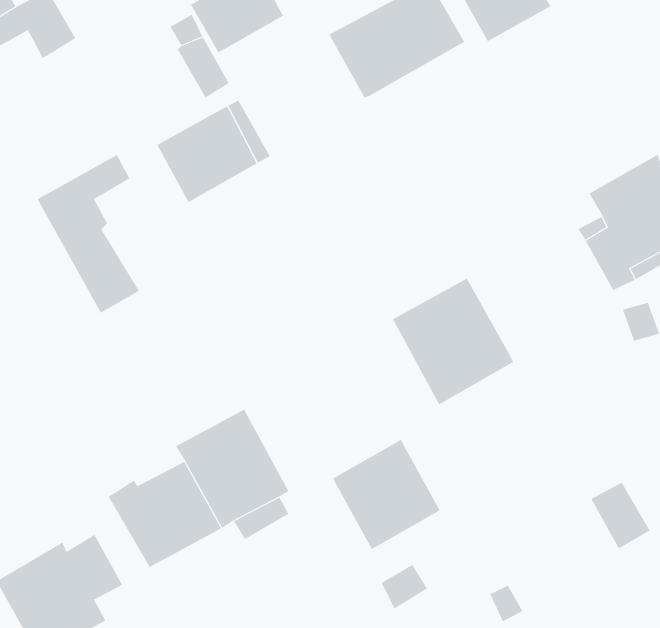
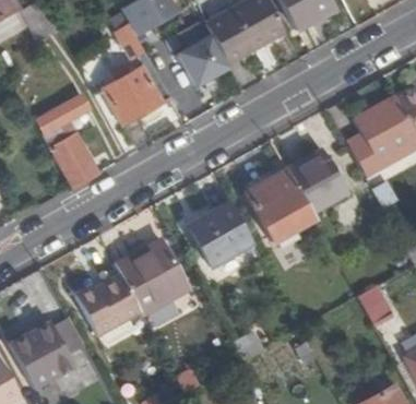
building: none -> [179,35,233,87]
building: none -> [285,147,344,212]
building: [332,439,441,550] -> [189,202,252,266]

